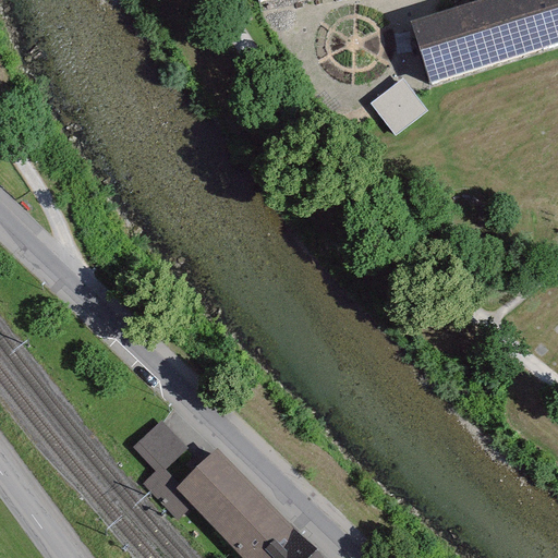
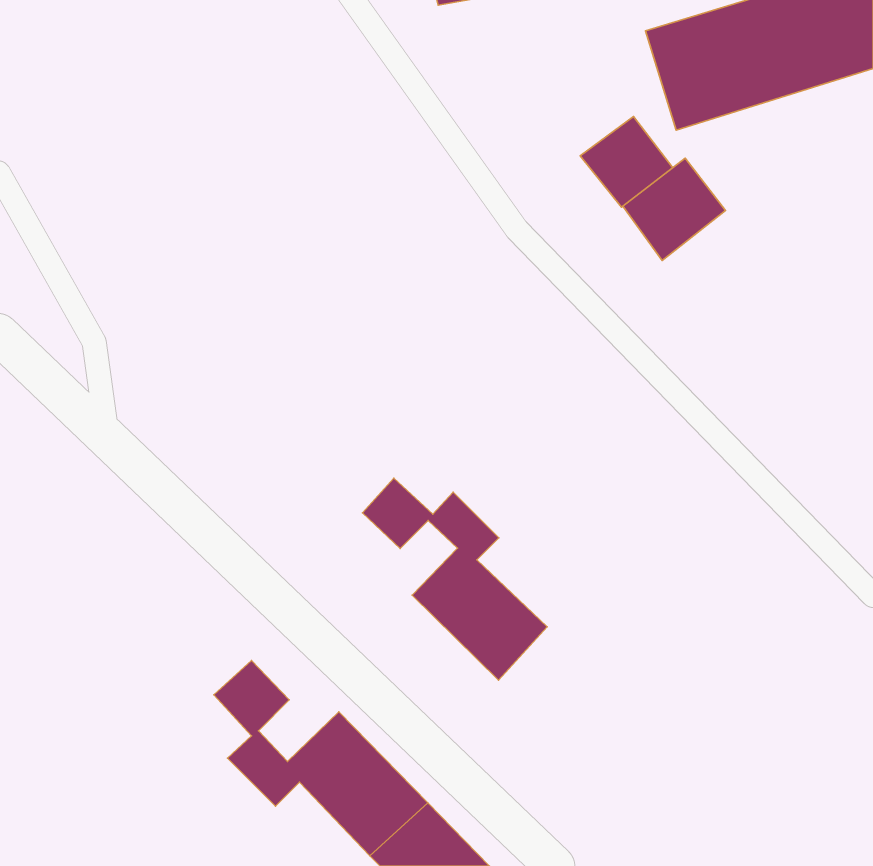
building: none -> [623,158,726,260]
building: none -> [363,478,547,680]

